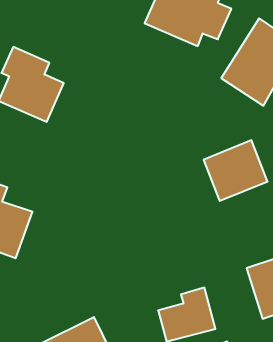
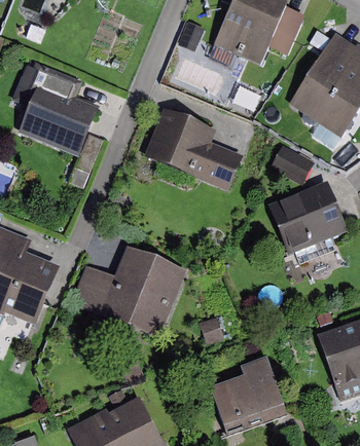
building: none -> [144,107,244,189]
building: none -> [275,142,318,178]
building: none -> [72,247,187,336]

